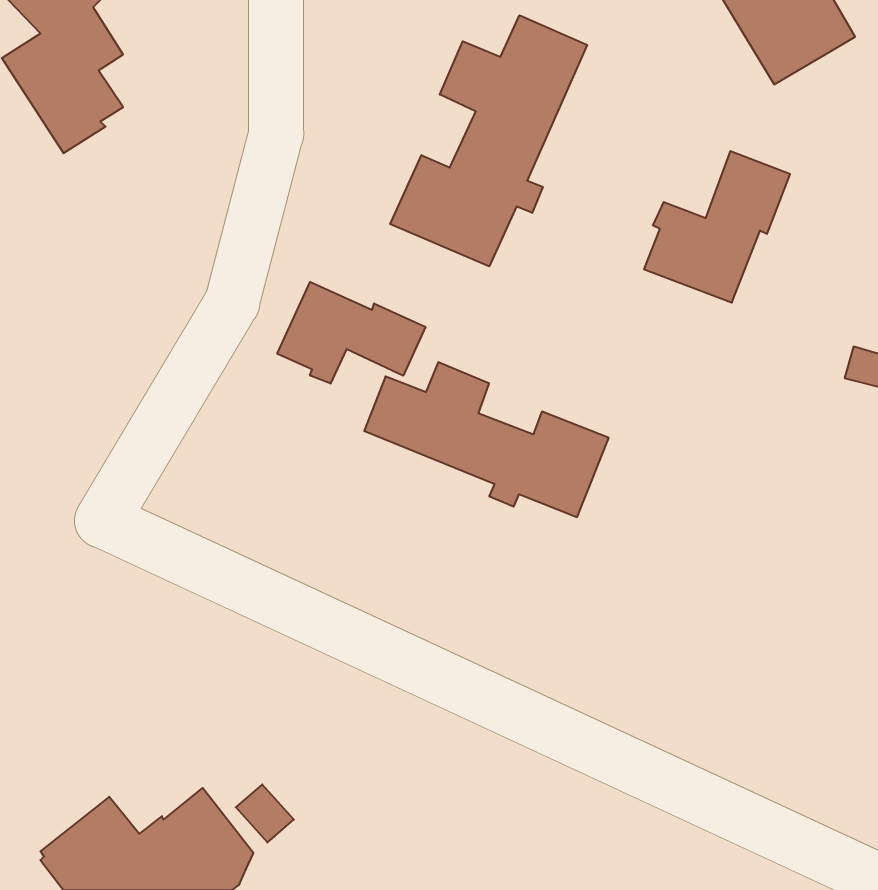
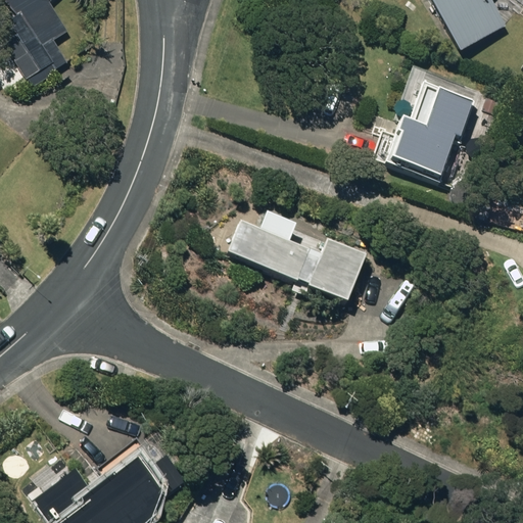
building: [390,15,587,266] -> none
building: [277,282,425,384] -> none

